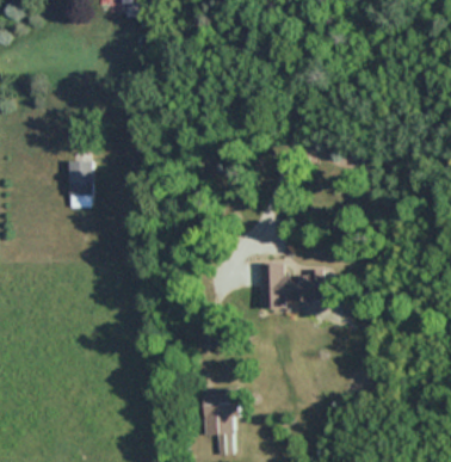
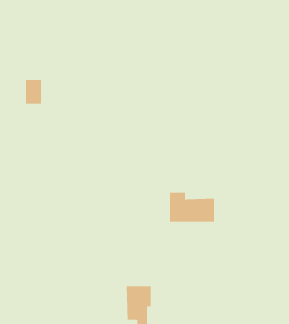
building: [69,161,92,195] -> [25,79,42,104]

